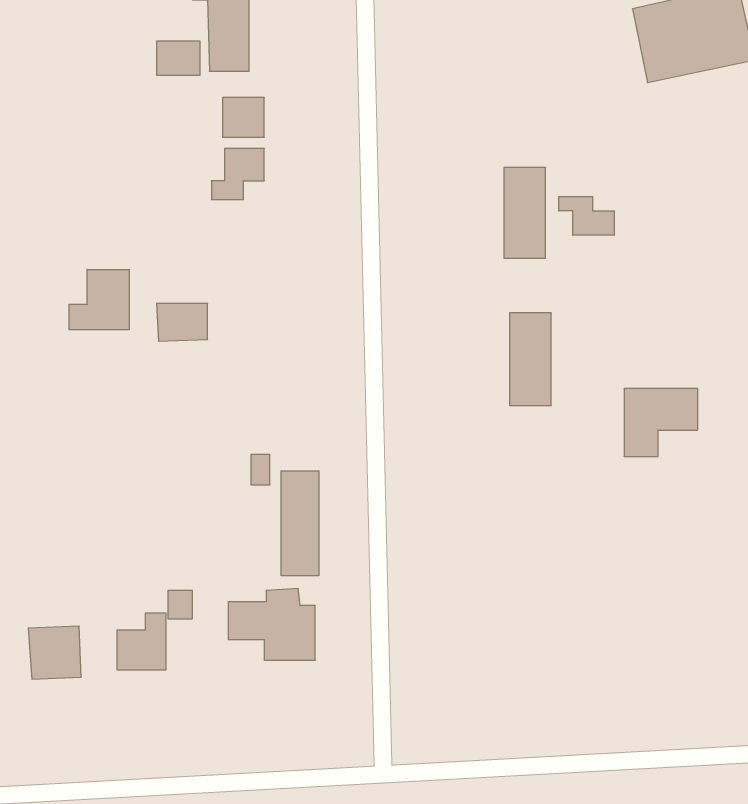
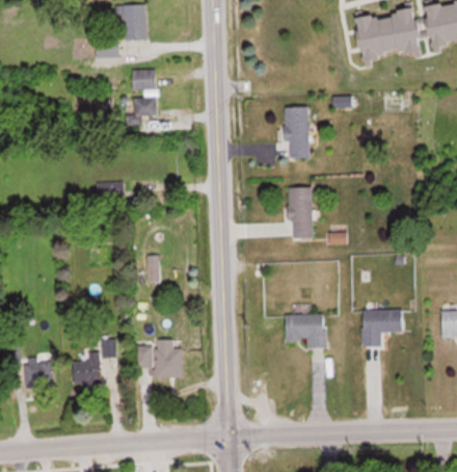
building: [559,197,614,235] -> none
building: [69,269,129,330] -> none
building: [624,389,698,456] -> [362,309,403,346]
building: [281,471,319,576] -> none
building: none -> [287,314,326,347]

